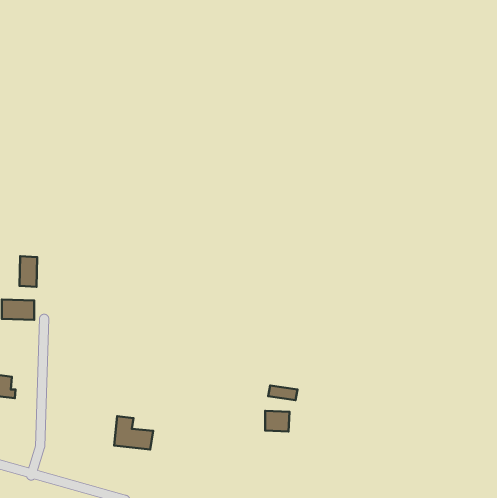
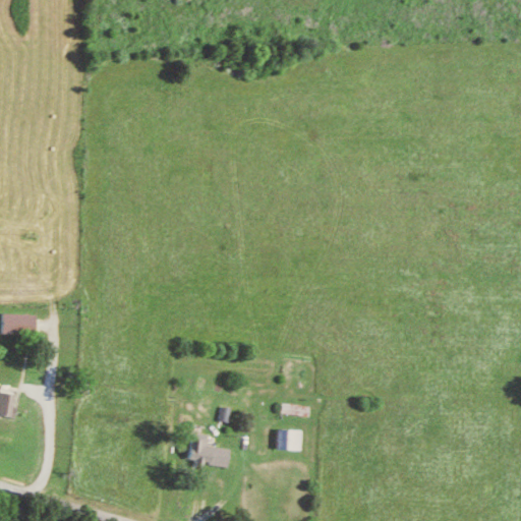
building: [19,256,37,287] -> none
building: [114,416,153,449] -> [188,433,229,468]

